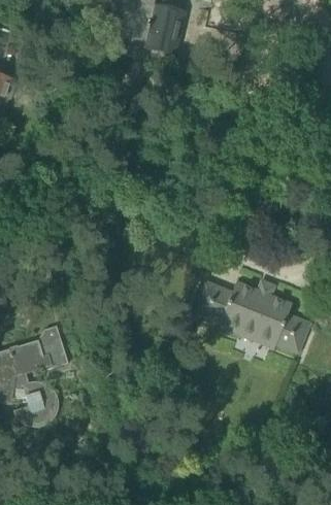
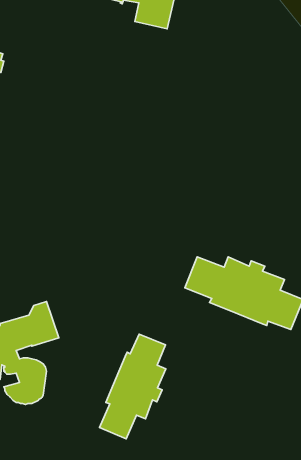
building: none -> [99,334,166,439]

